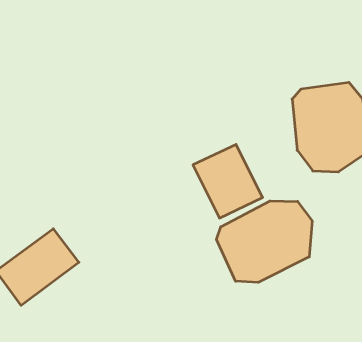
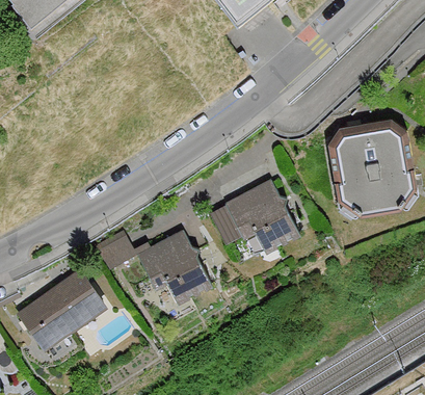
building: none -> [99,230,215,315]
building: [216,201,312,282] -> none

